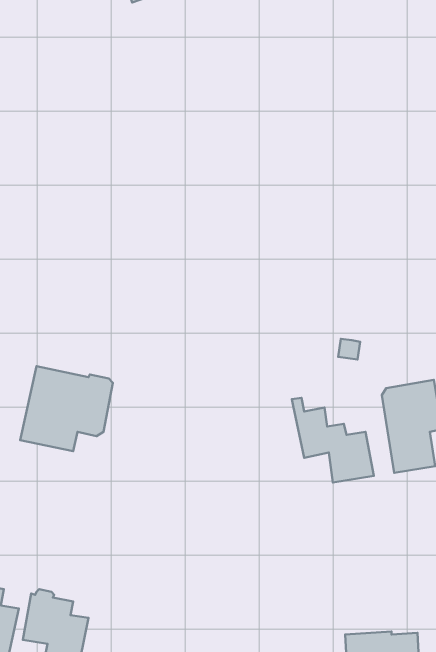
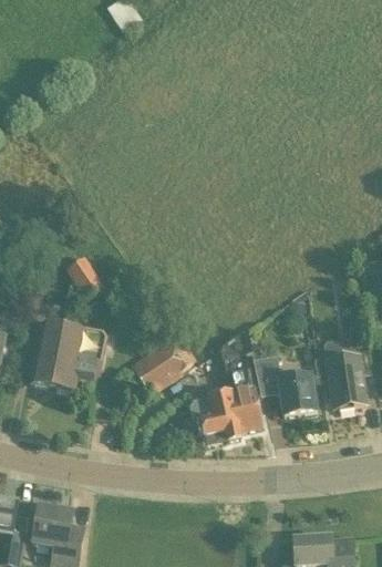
building: none -> [65,256,104,298]
building: none -> [202,328,261,440]
building: none -> [133,336,195,394]

